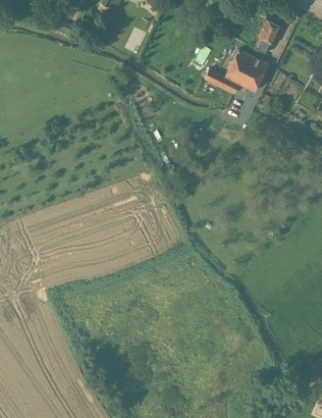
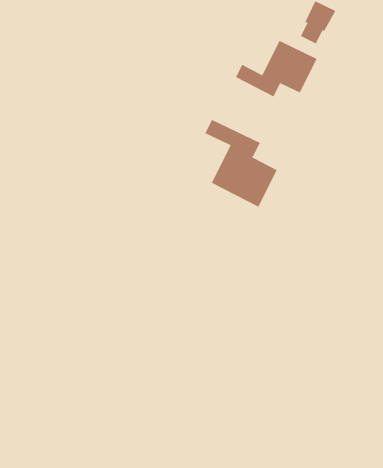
building: none -> [204,119,277,207]

